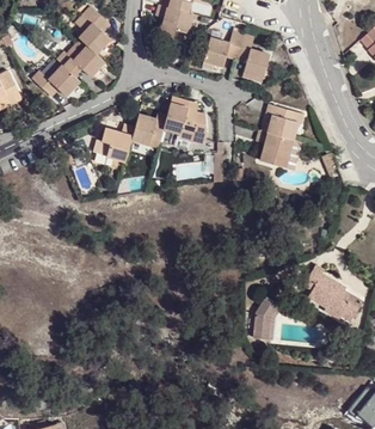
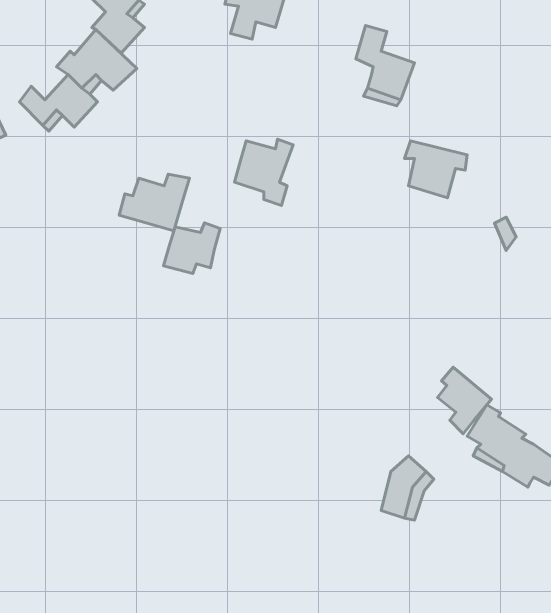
building: [203,30,242,65] -> none
building: [131,112,166,143] -> [163,223,220,274]
building: [257,129,293,167] -> none
building: none -> [438,367,491,434]

